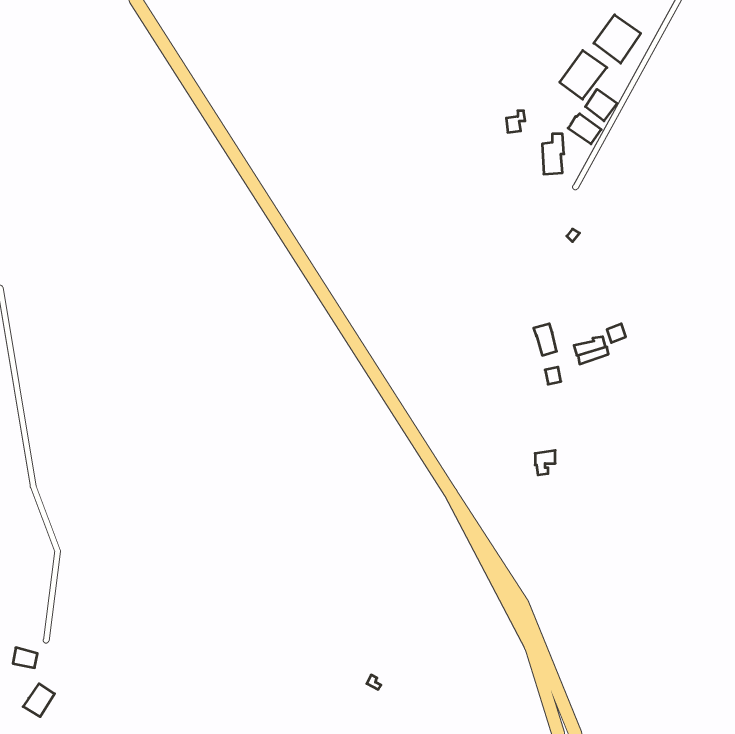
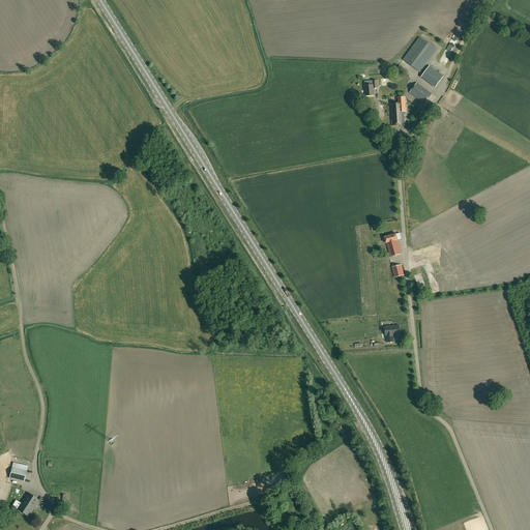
building: [594,15,641,63] -> none

